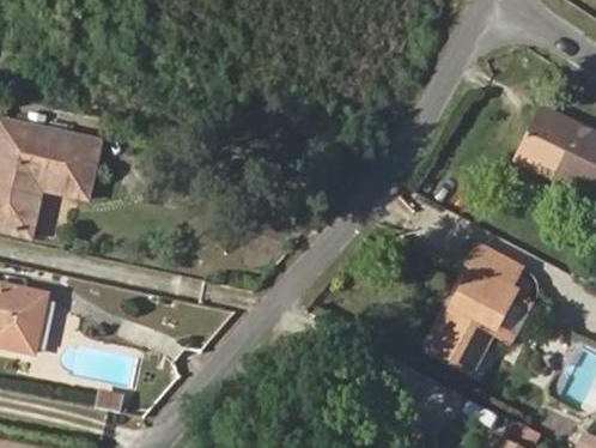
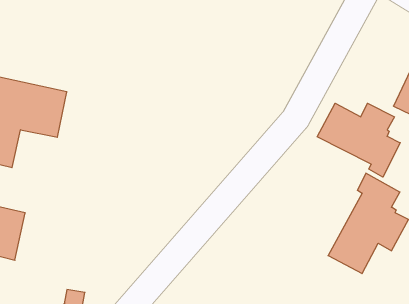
building: none -> [317,103,400,177]

